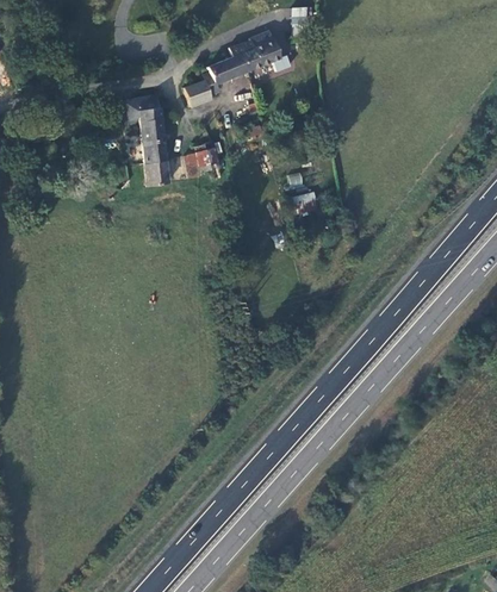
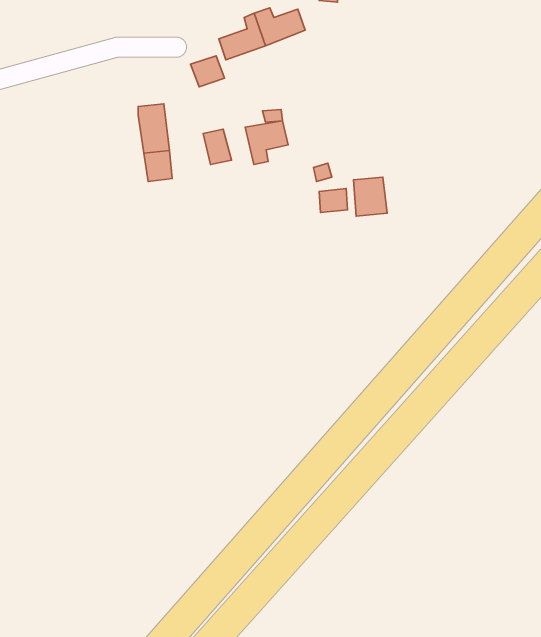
building: [122,95,161,125] -> none
building: none -> [245,121,288,165]
building: none -> [354,177,387,216]

